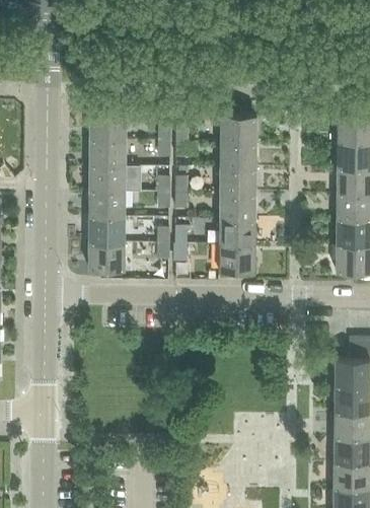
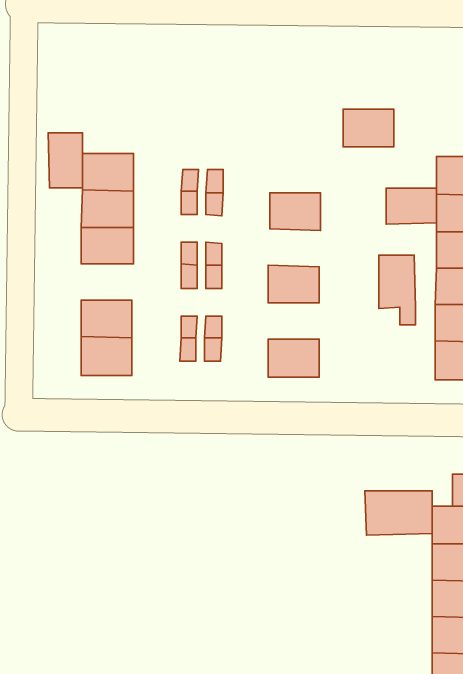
building: none -> [48,133,83,188]
building: [220,115,255,141] -> [343,109,394,147]
building: none -> [386,188,437,224]
building: [219,166,255,193] -> none
building: none -> [379,255,415,325]
building: [88,191,125,216] -> none
building: [219,218,254,243] -> none
building: none -> [365,491,432,535]

